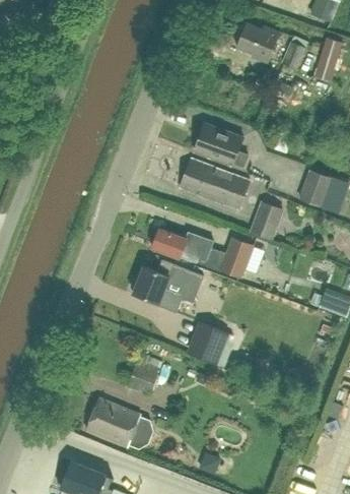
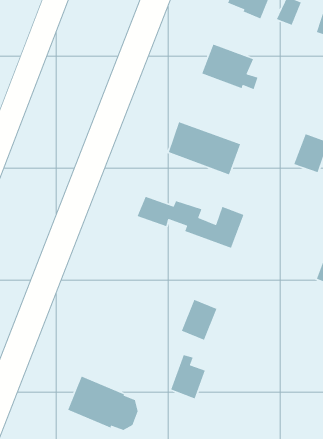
building: [194,123,248,167] -> [201,44,258,90]
building: [250,202,283,240] -> none
building: [131,259,192,312] -> none
building: [128,353,161,395] -> [170,354,206,399]

